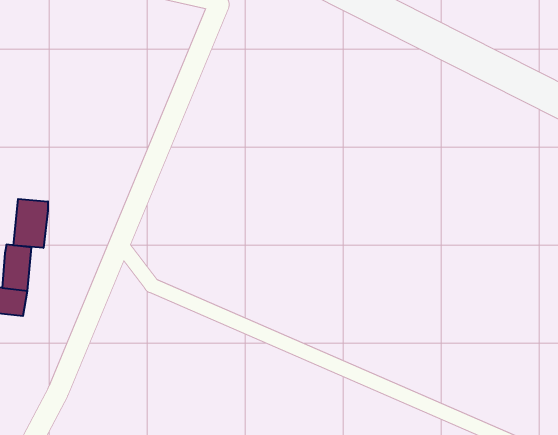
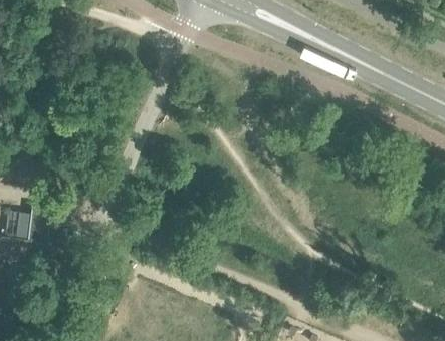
building: [14,199,48,248] -> none

